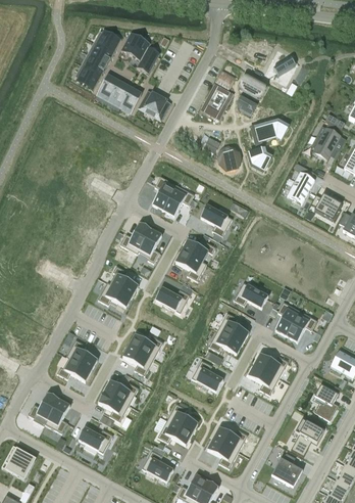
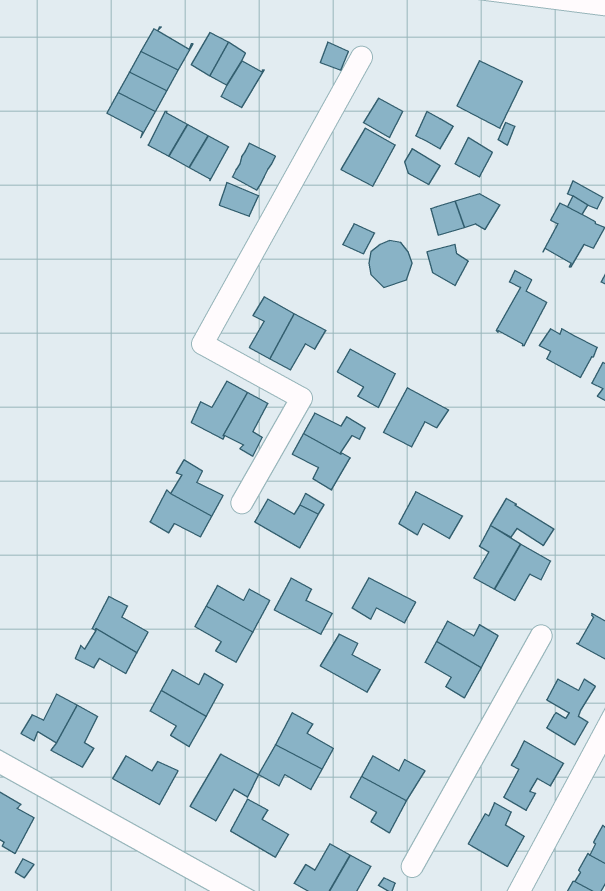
building: none -> [384,388,449,447]
building: none -> [491,498,554,546]
building: [217,312,249,342] -> [274,578,332,634]
building: none -> [190,754,259,821]

